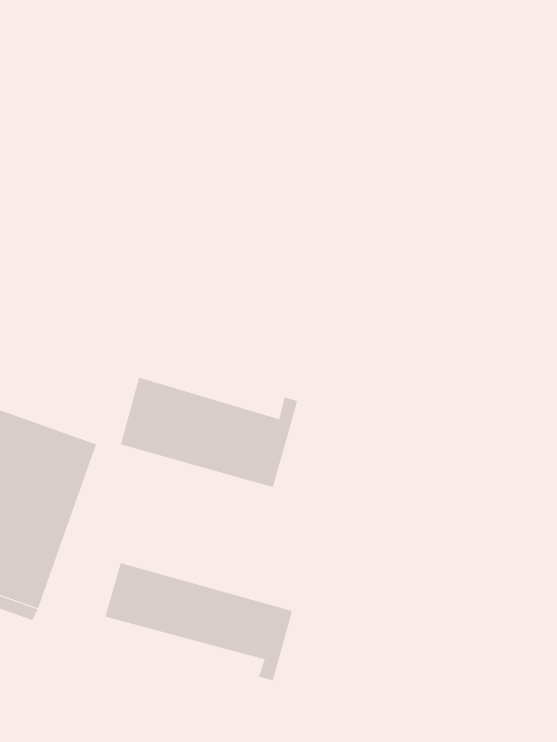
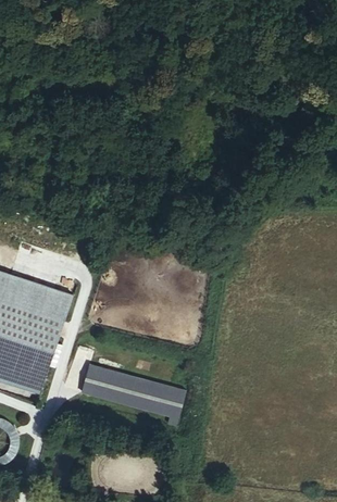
building: [120,377,298,488] -> none

